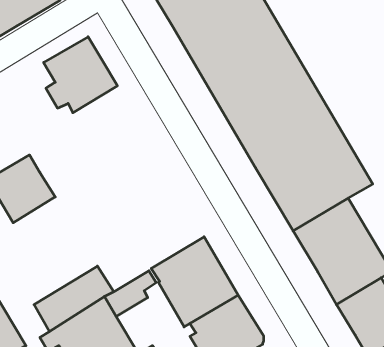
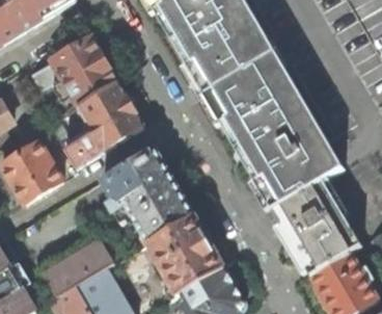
building: none -> [49,80,143,166]
building: none -> [101,146,194,242]

